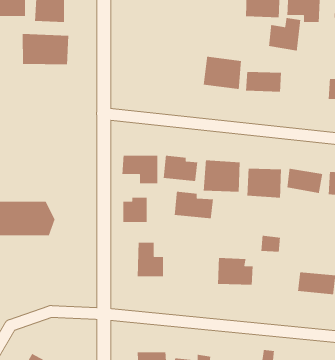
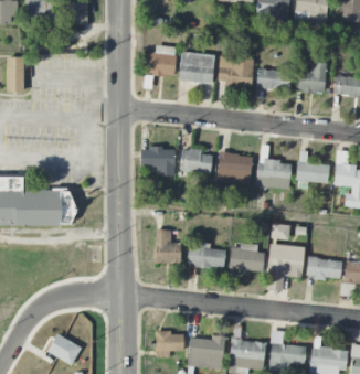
building: [268,17,301,51] -> [295,62,326,94]
building: [22,33,69,65] -> none
building: none -> [146,45,176,75]
building: none -> [179,52,214,83]
building: [174,191,214,219] -> [188,242,225,268]
building: [122,197,148,223] -> none
building: none -> [267,244,304,277]

